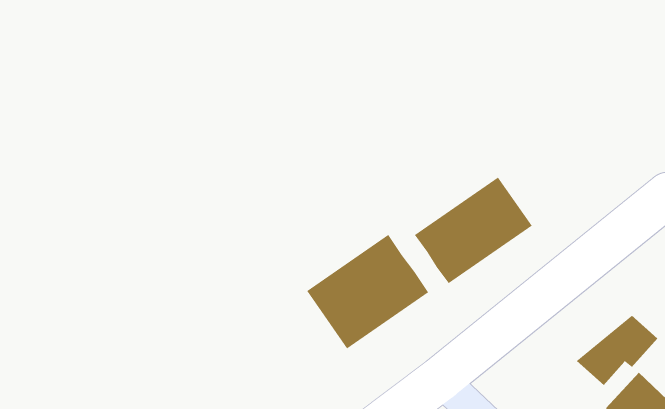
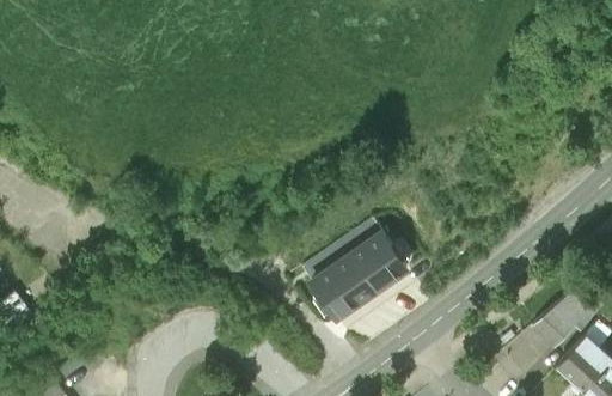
building: [414,176,533,284] -> none

